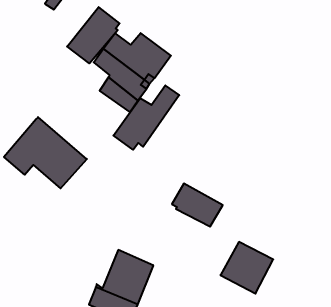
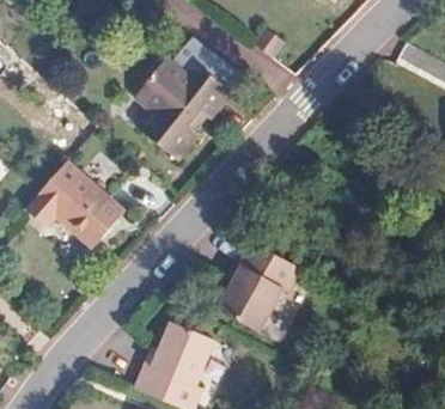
building: [67,7,120,63] -> none
building: [113,85,179,150] -> none
building: [220,242,273,294] -> [217,271,281,335]

